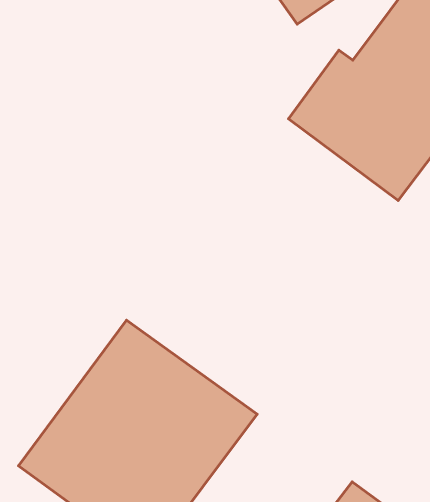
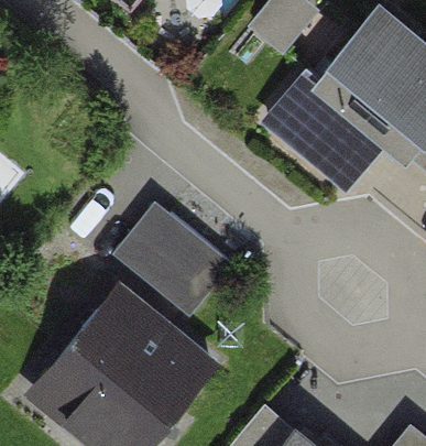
building: none -> [118,204,240,316]

